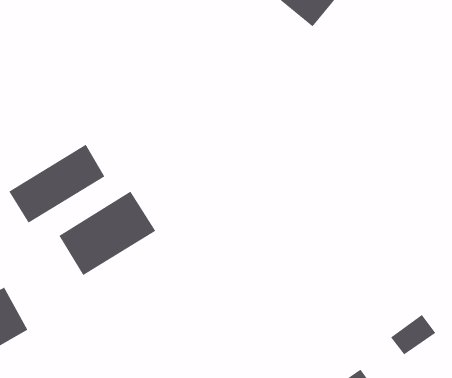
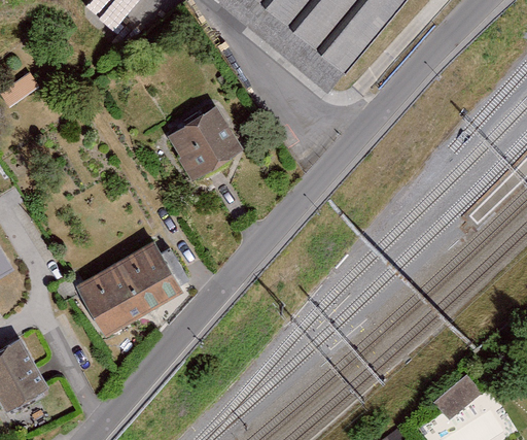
building: none -> [160,104,244,183]
building: [8,144,105,223] -> none

